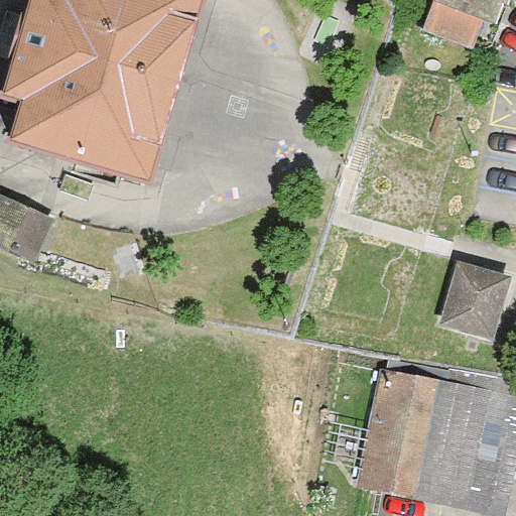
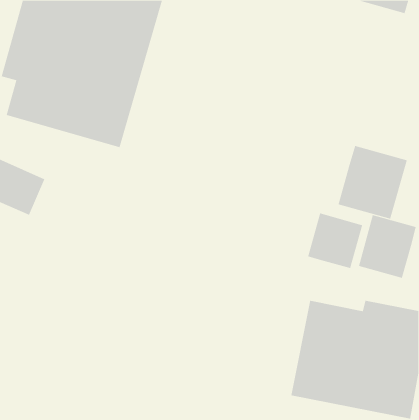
building: none -> [338,145,408,220]
building: none -> [308,213,363,269]

